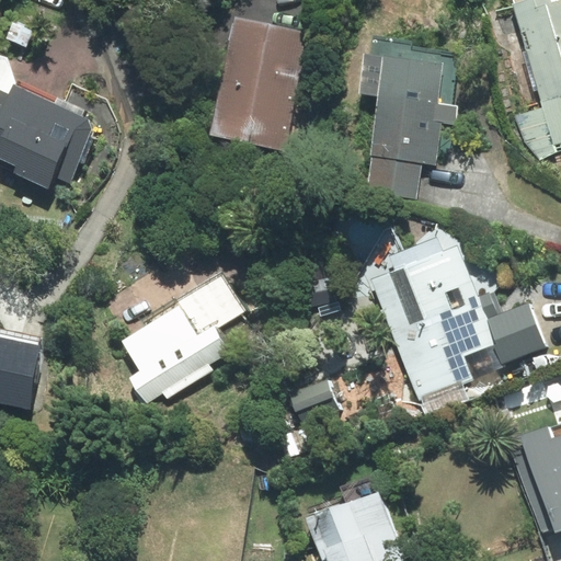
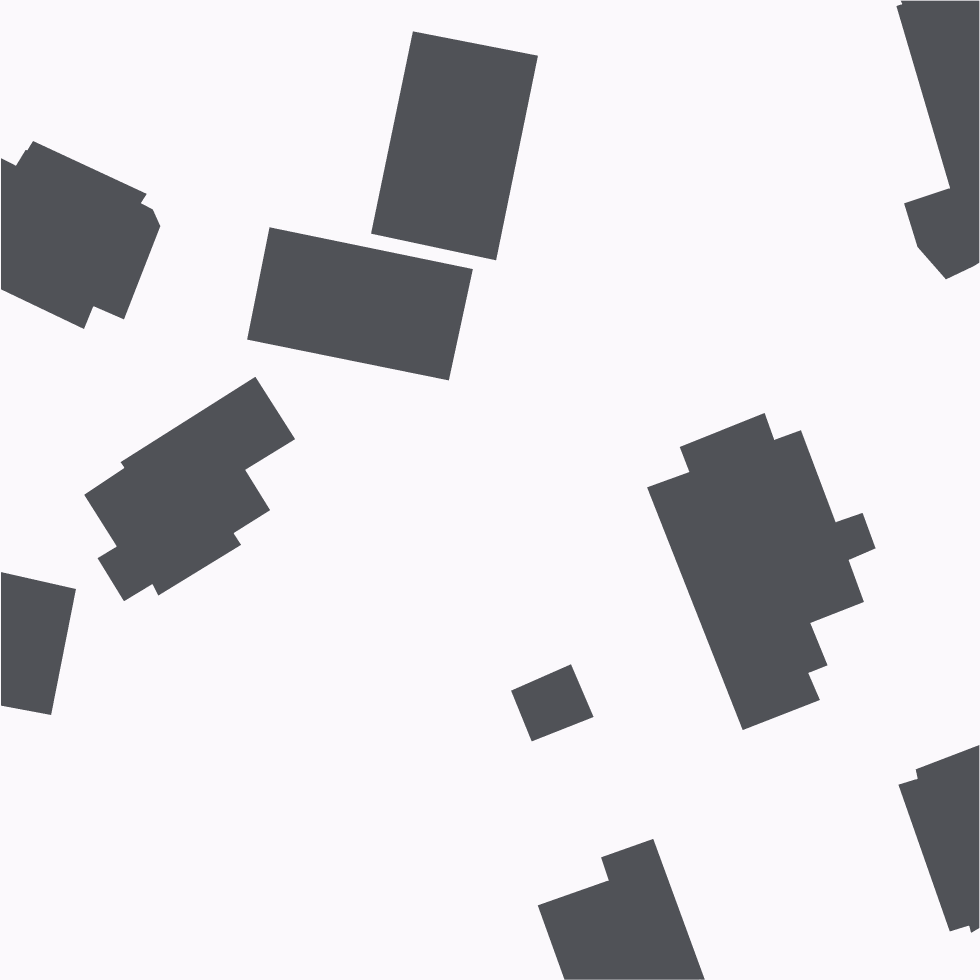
building: [359,36,460,201] -> none
building: none -> [247,227,473,381]
building: [124,274,245,403] -> [83,376,296,602]
building: [485,304,546,364] -> none

